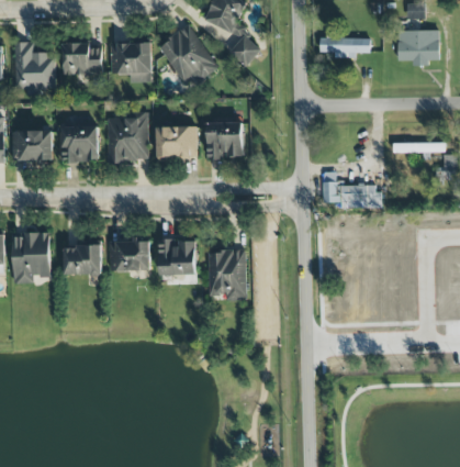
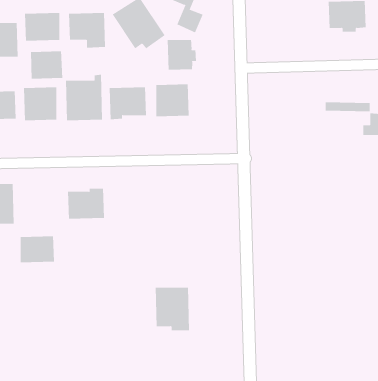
building: [319,35,370,57] -> none
building: none -> [167,39,196,70]
building: none -> [31,51,63,79]
building: [322,171,379,208] -> none
building: [158,238,197,275] -> none
building: [64,245,102,275] -> [20,236,55,263]
building: [207,251,246,299] -> [155,287,190,331]

